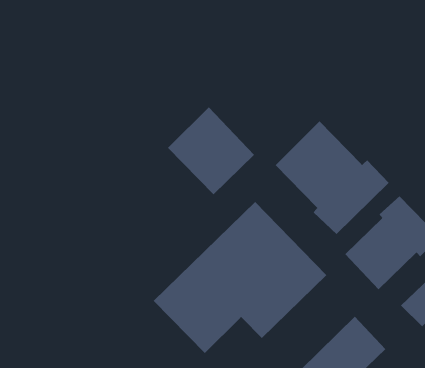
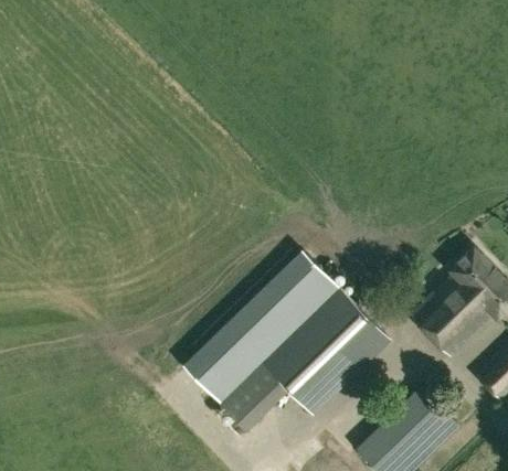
building: [167,107,255,195] -> none
building: [275,121,389,235] -> none

